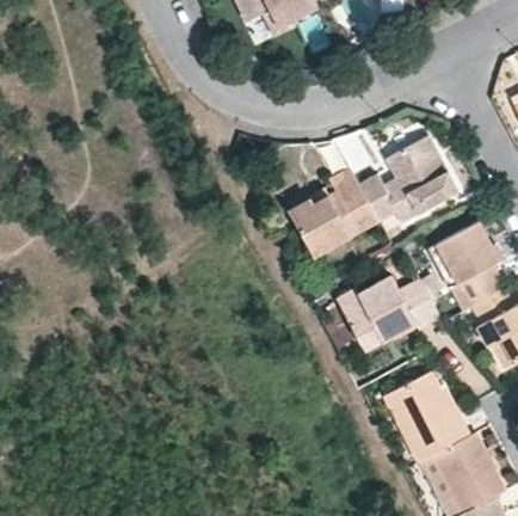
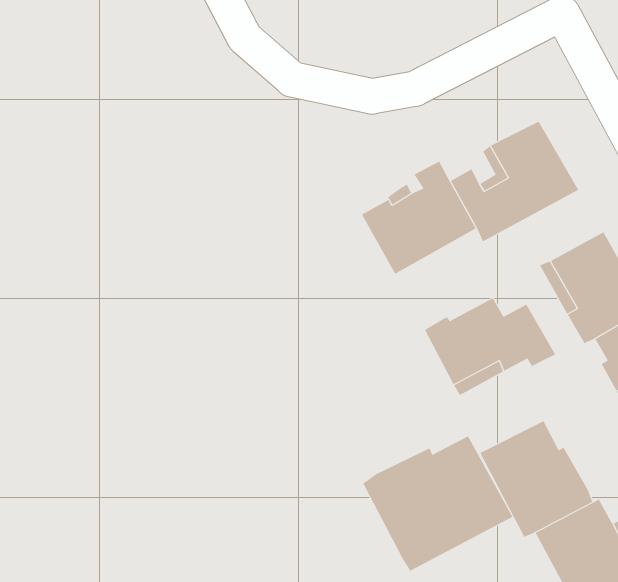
building: none -> [362,435,513,572]

